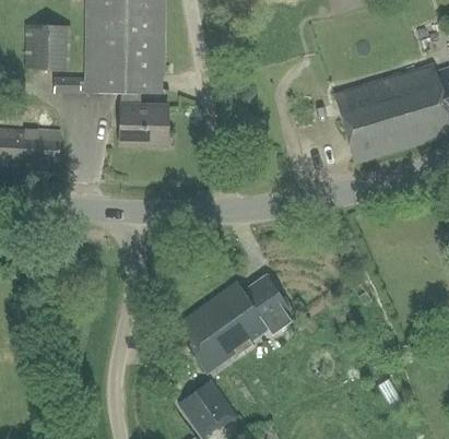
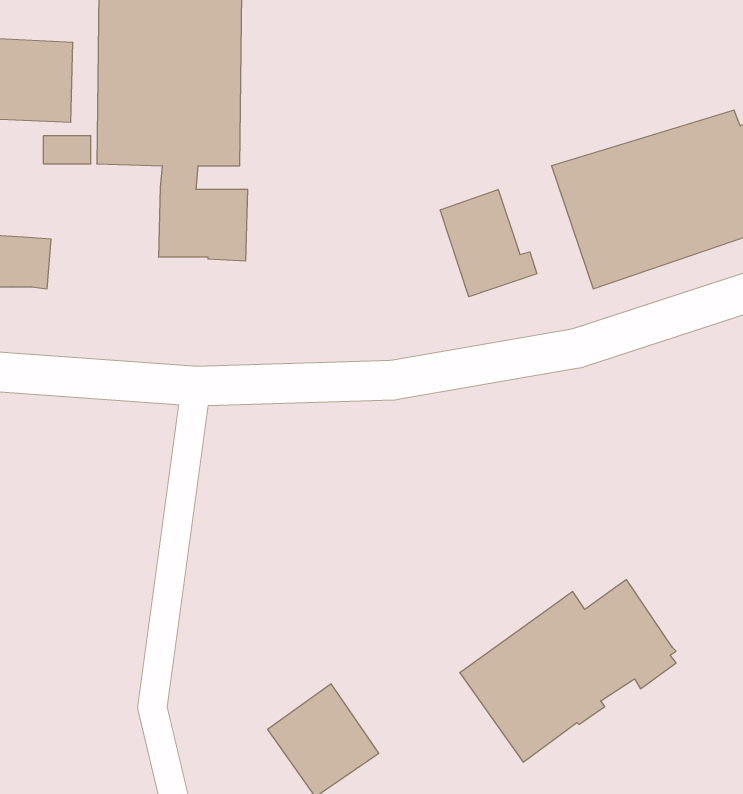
building: none -> [440,189,537,297]
building: [174,274,293,375] -> [460,580,676,762]

